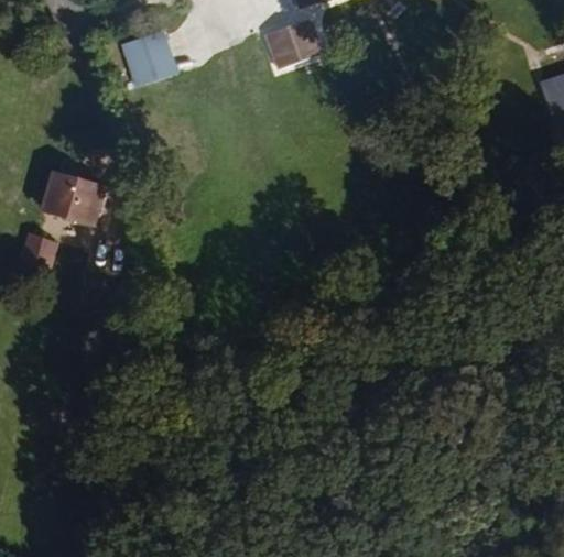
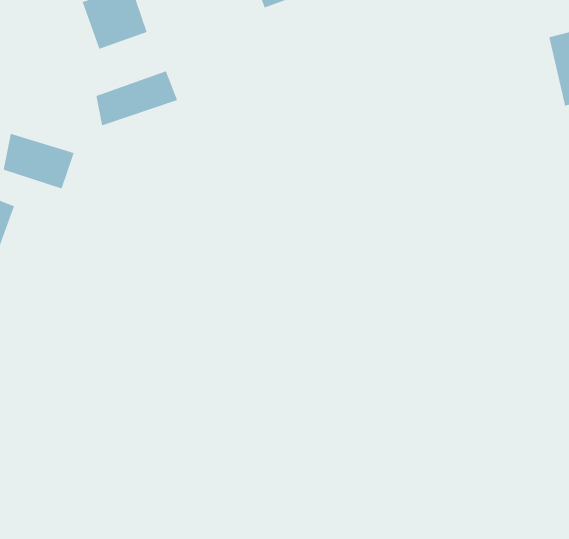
building: none -> [96,70,178,126]

